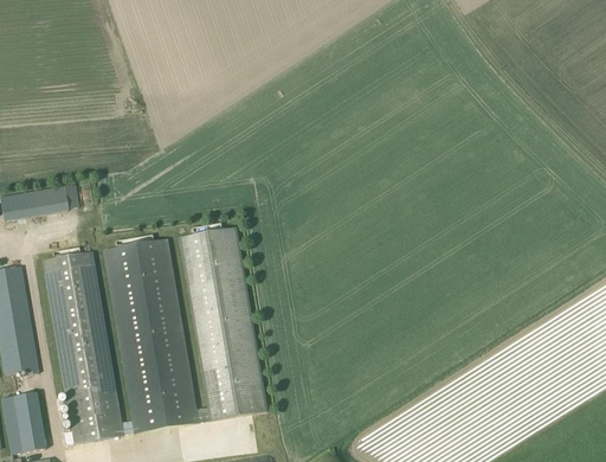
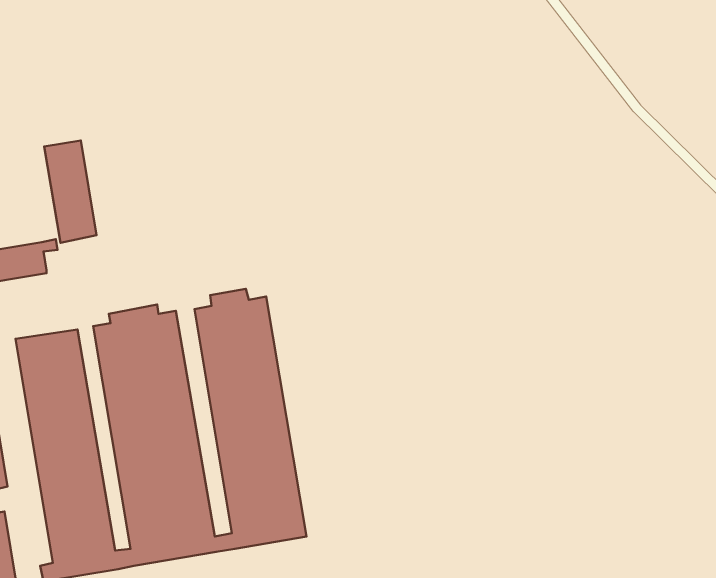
building: none -> [44,141,97,243]

